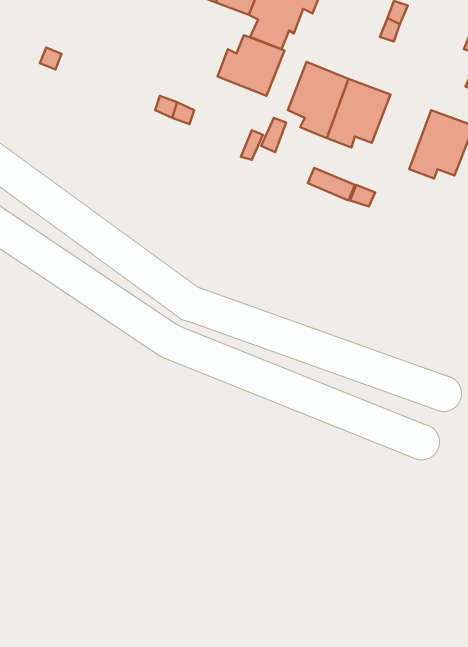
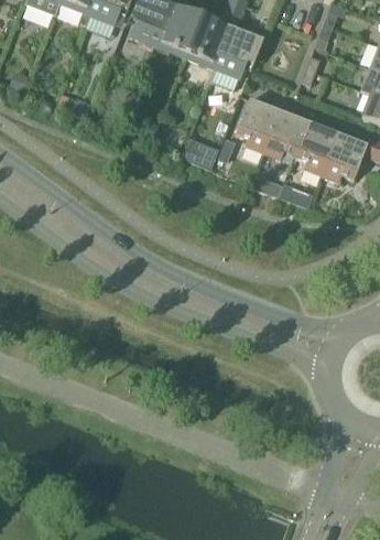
building: [217,35,285,96] -> none
building: none -> [295,120,337,173]

